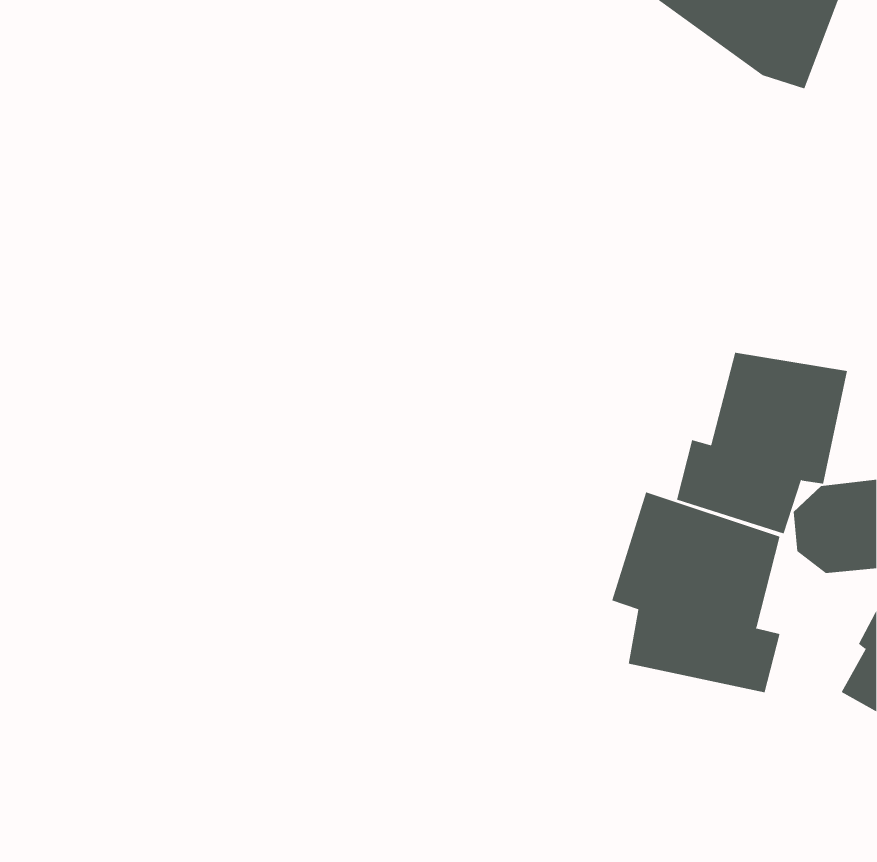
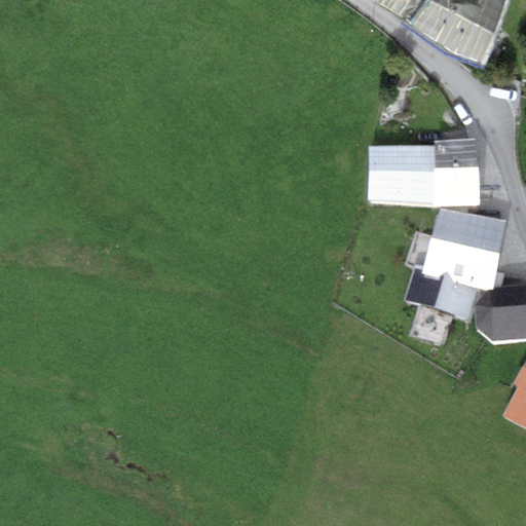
building: none -> [368,140,480,209]
building: [611,491,780,693] -> none

